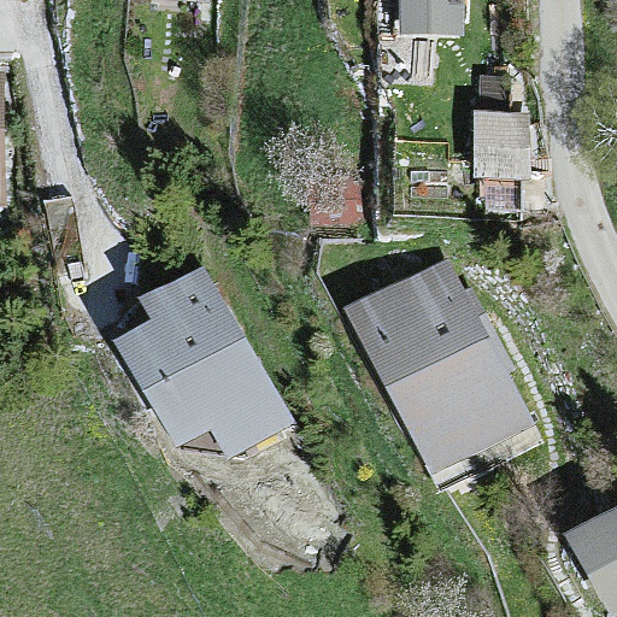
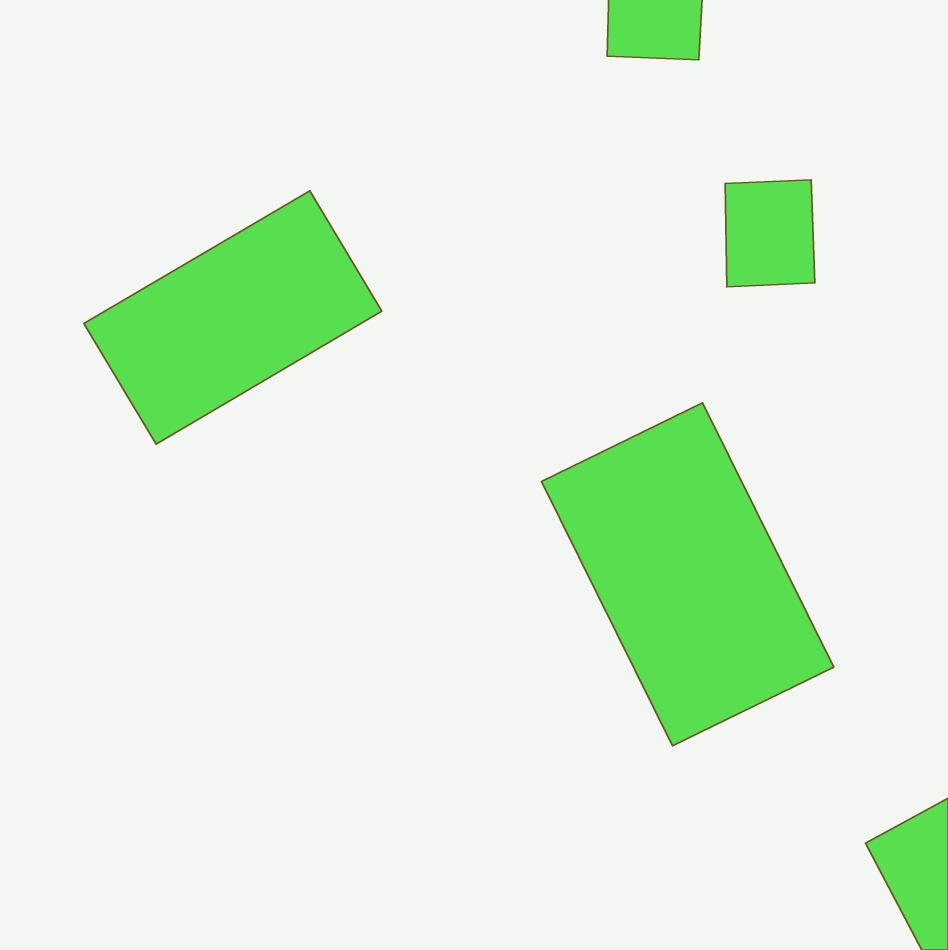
building: none -> [84,191,382,444]
building: [117,253,298,456] -> none

